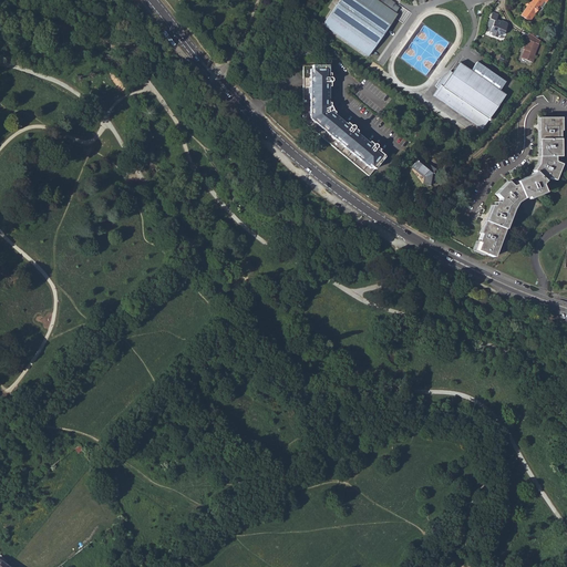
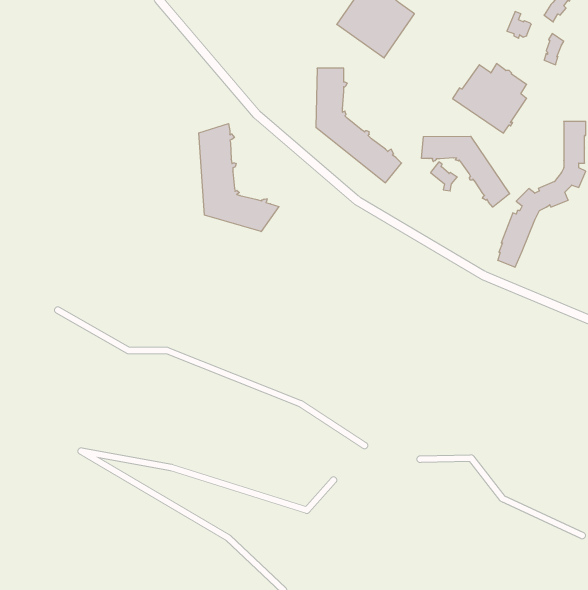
building: none -> [199,124,279,232]
building: none -> [422,136,510,207]

